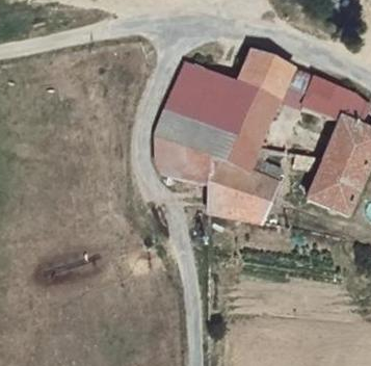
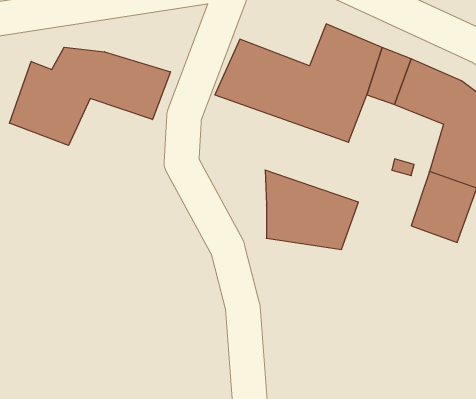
building: none -> [9,47,170,145]
building: [153,103,282,185] -> none

